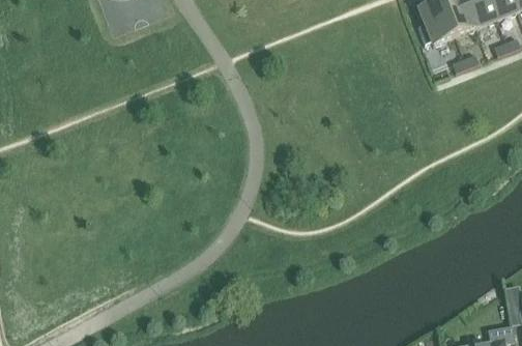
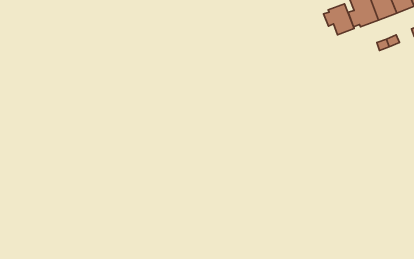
building: none -> [324,4,354,35]

